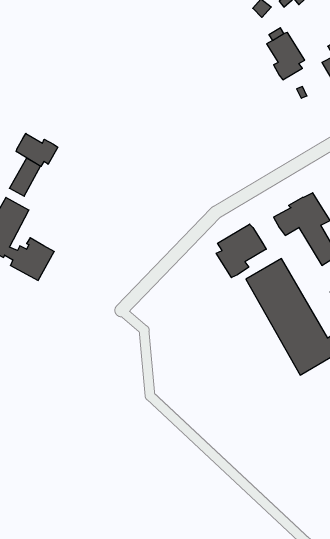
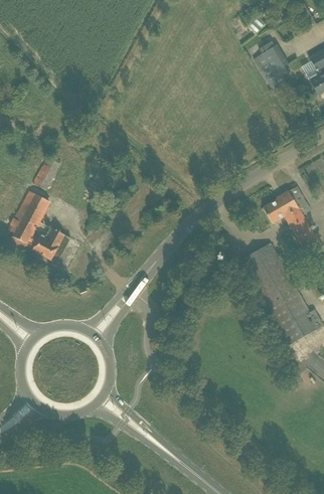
building: [16,133,58,166] -> none
building: [216,224,266,278] -> none

